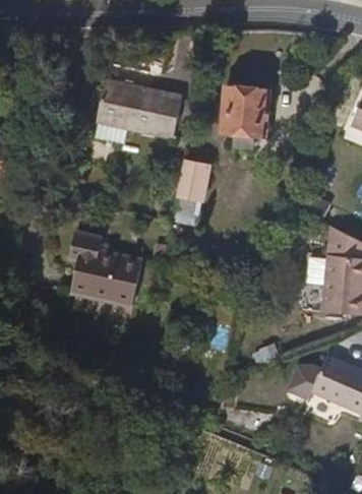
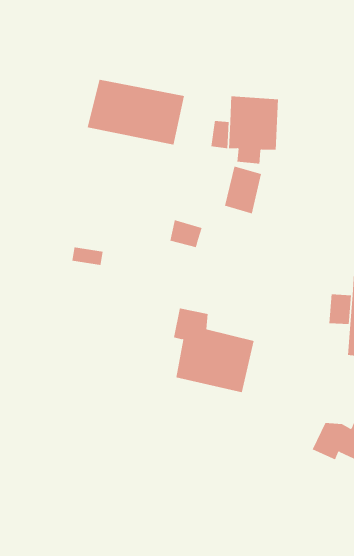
building: [175,162,207,203] -> [224,166,262,214]
building: [69,232,139,305] -> [173,308,254,393]

